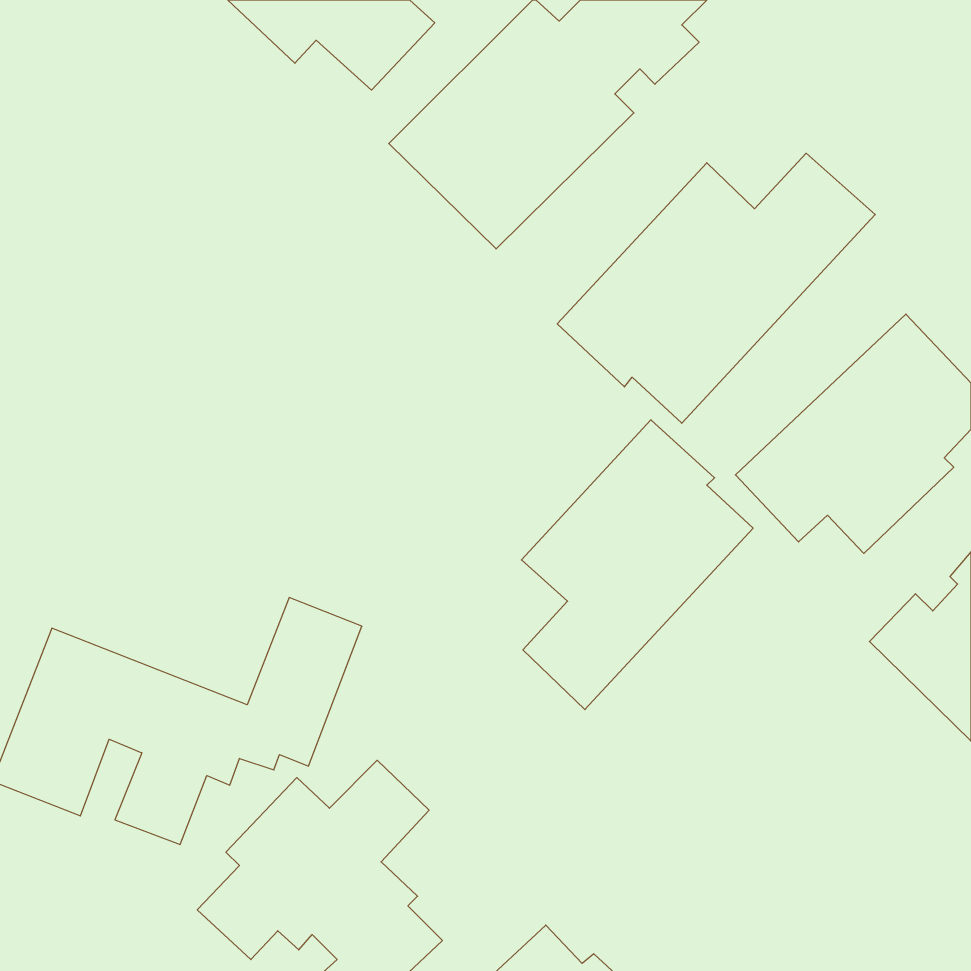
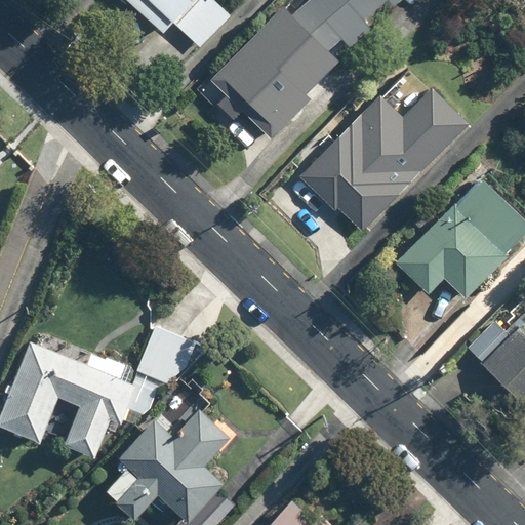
building: [521,420,753,710] -> none

